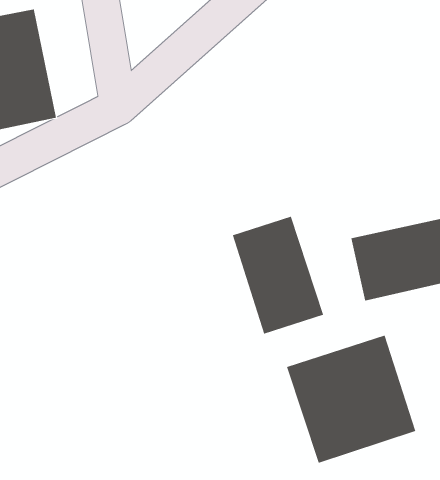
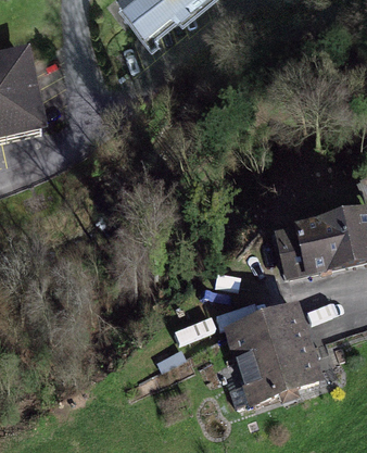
building: [232,216,324,335] -> none

